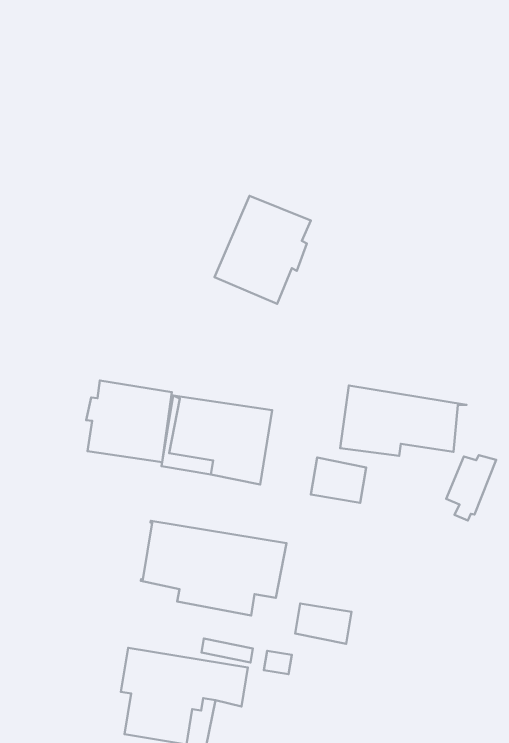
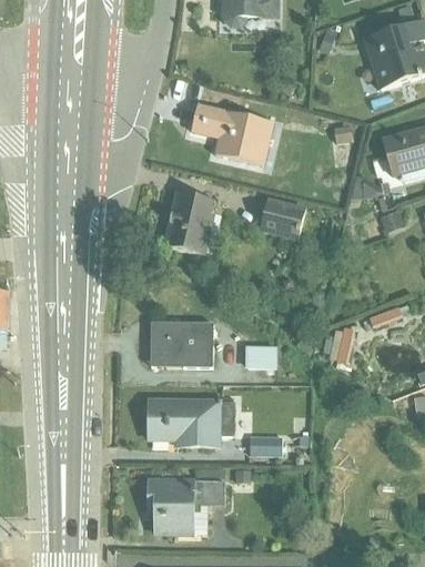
building: none -> [191,103,274,164]
building: none -> [260,196,305,239]
building: [86,381,172,462] -> none
building: [340,386,466,456] -> none

